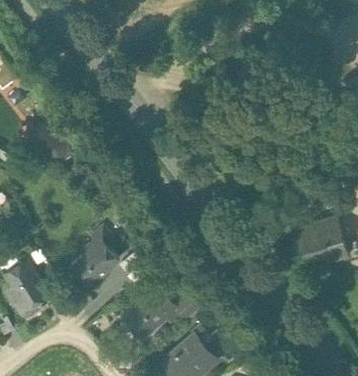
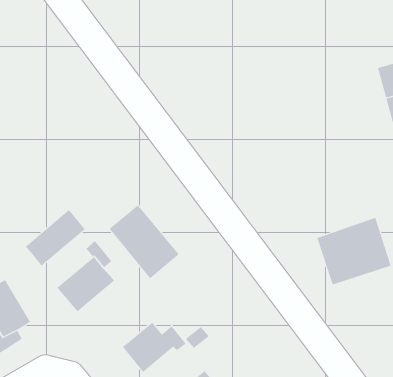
building: none -> [109,205,180,279]
building: none -> [25,209,86,267]

